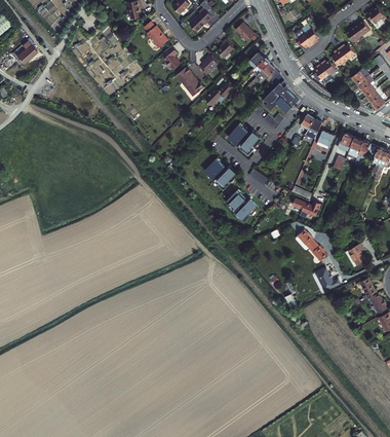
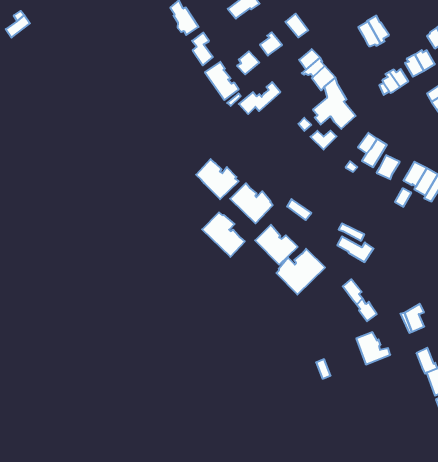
building: [228,124,262,155] -> [196,159,239,199]
building: none -> [202,212,245,257]
building: none -> [276,249,325,295]

